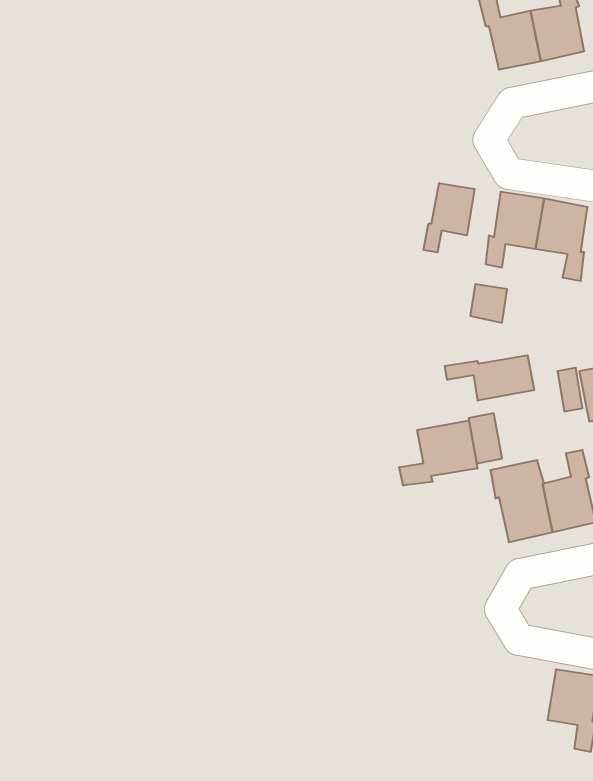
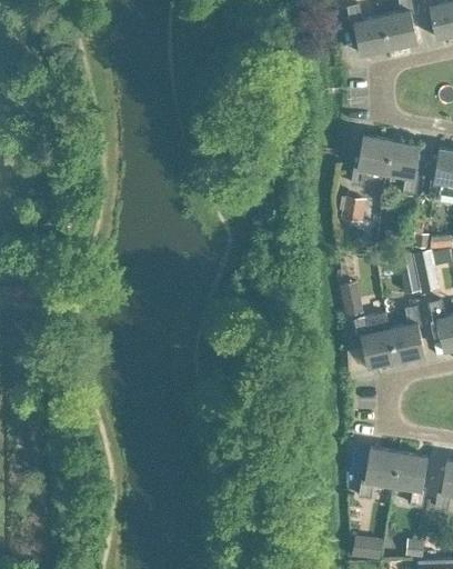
building: [423,183,475,252] -> none
building: [445,355,534,401] -> none
building: [399,420,477,486] -> none
building: none -> [358,449,397,499]

